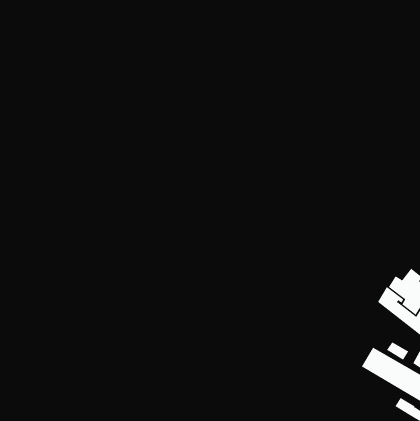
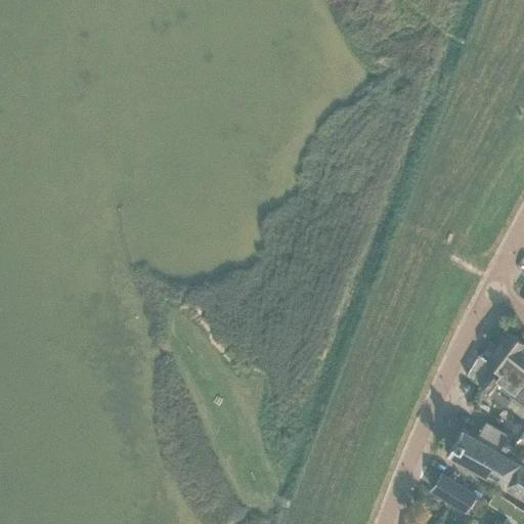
building: none -> [435,476,479,513]

